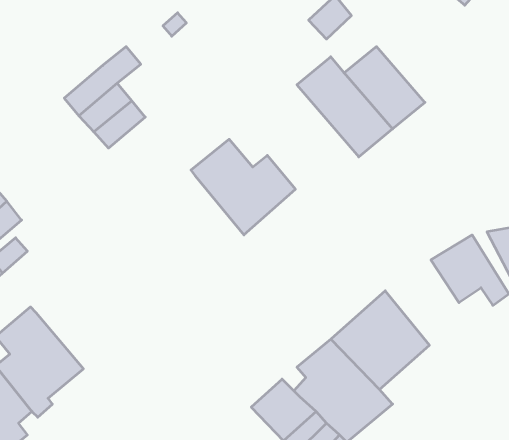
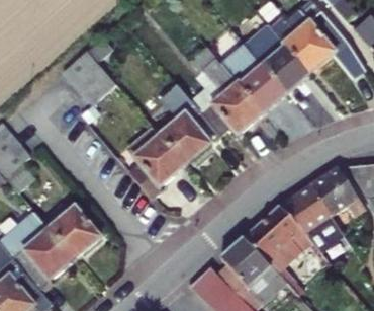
building: none -> [273,13,347,76]
building: none -> [193,58,262,136]
building: none -> [124,127,183,201]
building: none -> [280,184,337,251]
building: none -> [40,204,99,259]

